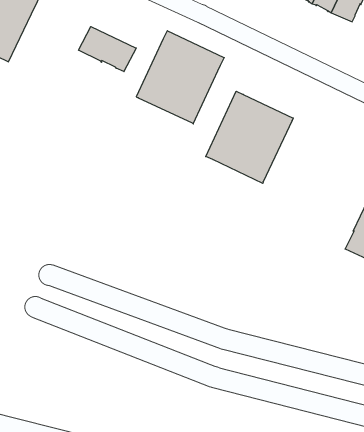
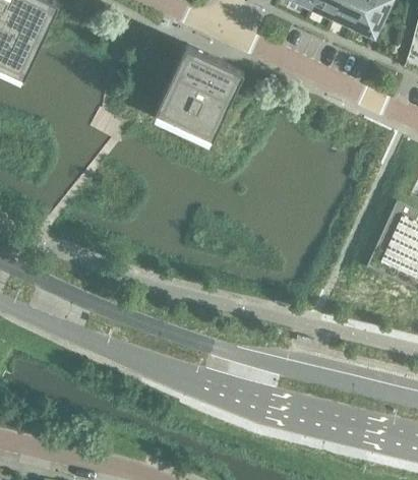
building: [79,27,136,72] -> none
building: [206,91,293,183] -> none

